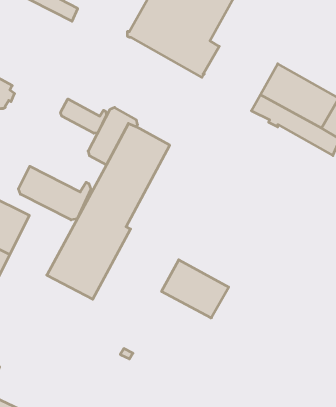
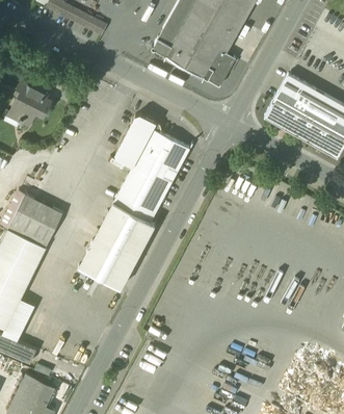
building: [61,99,107,133] -> none
building: [18,166,91,220] -> none
building: [162,260,229,318] -> none

